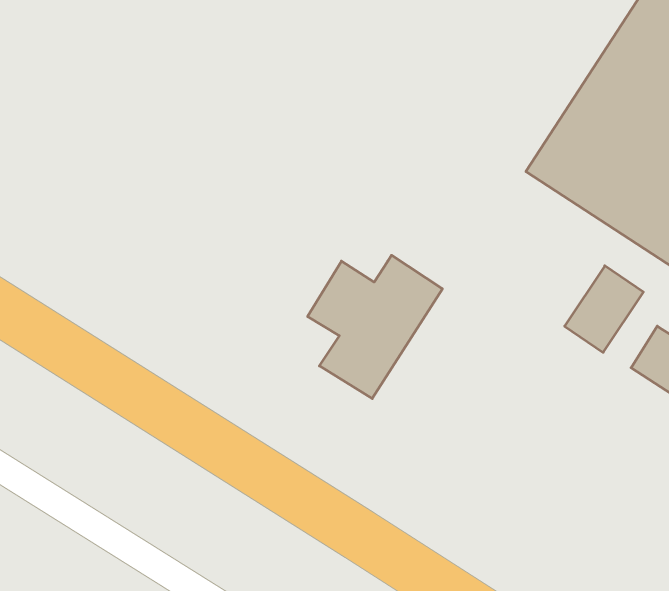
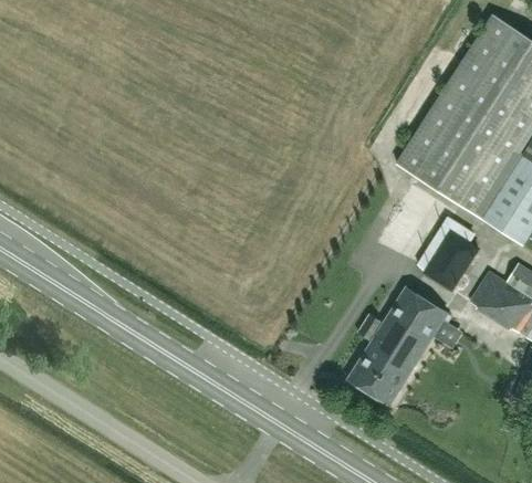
building: [308,255,442,399] -> none
building: none -> [348,287,448,406]

